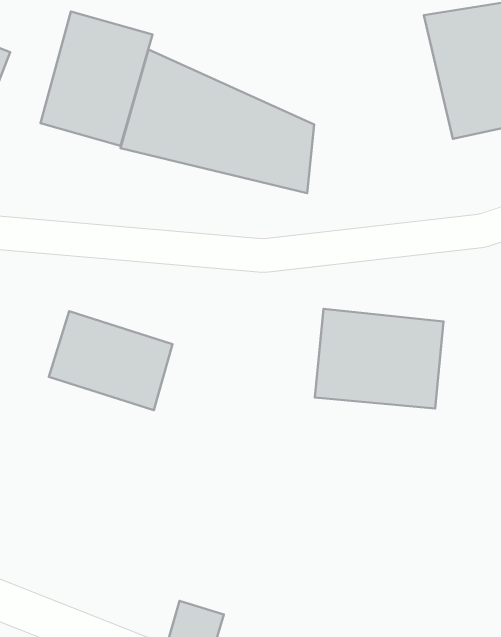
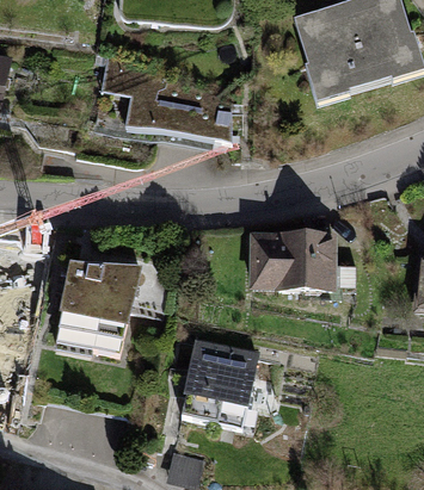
building: [40,11,153,146] -> none
building: none -> [49,294,136,360]
building: none -> [188,340,264,422]

